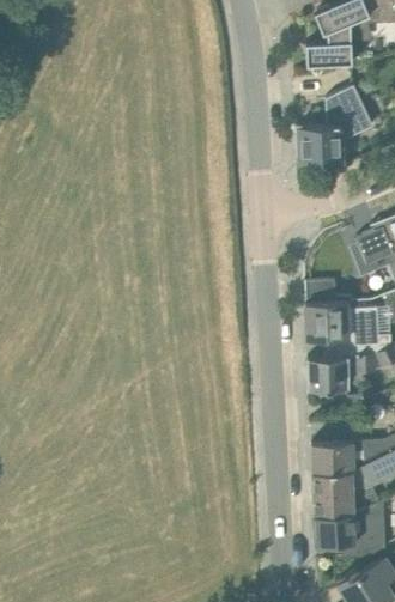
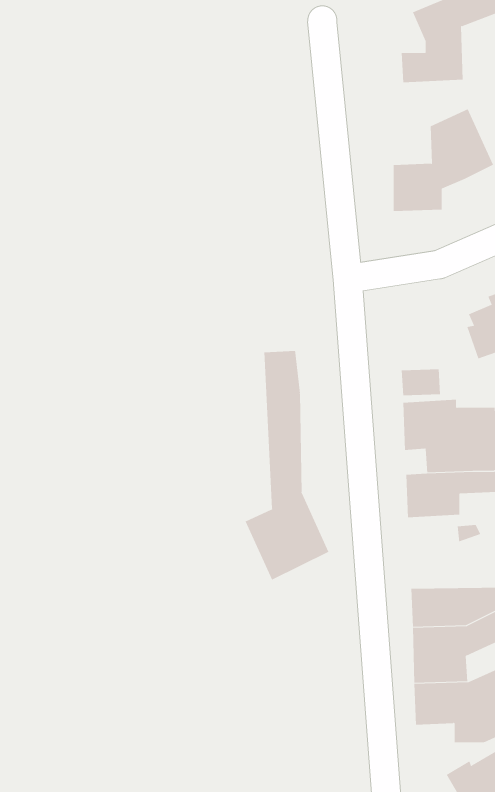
building: none -> [245,350,329,581]

